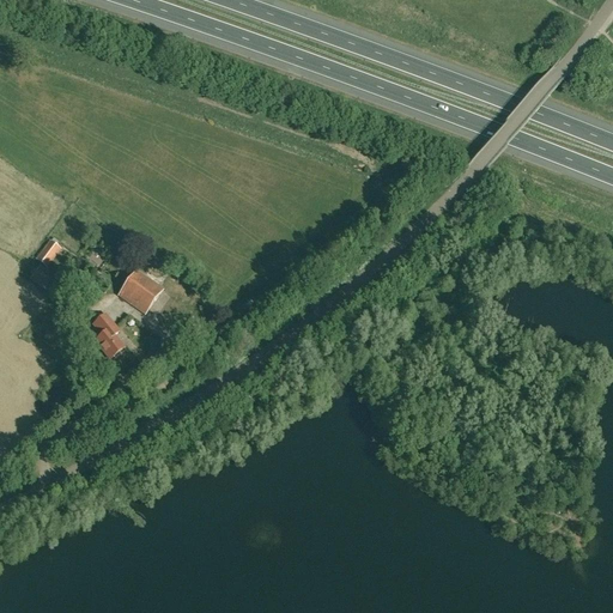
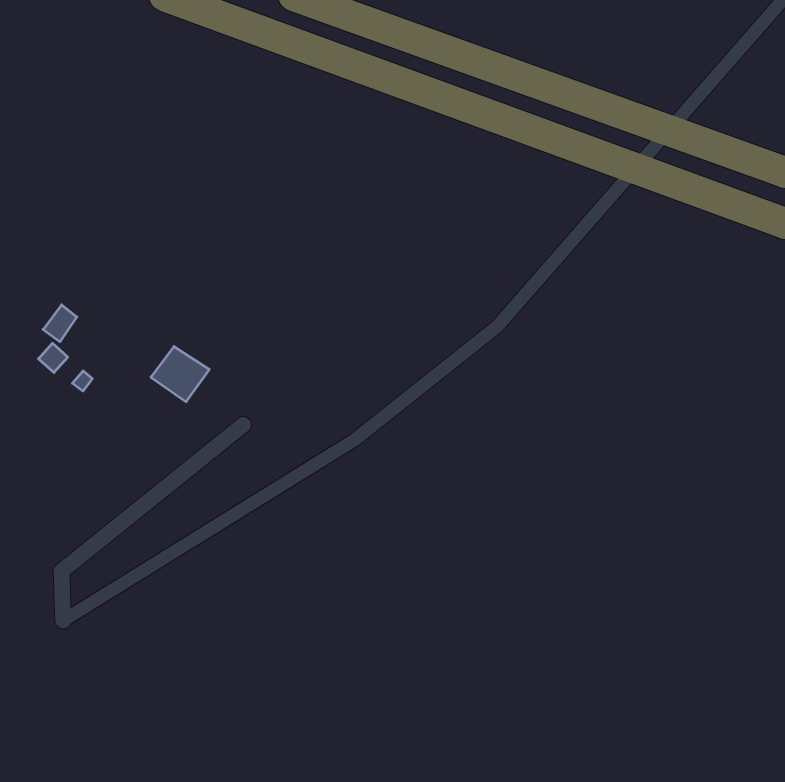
building: [92,312,122,357] -> none

